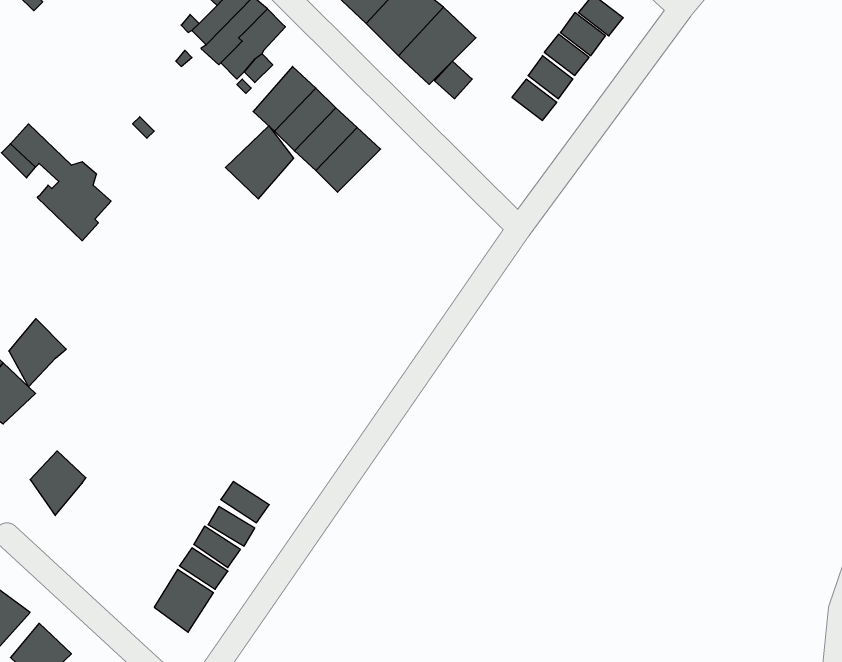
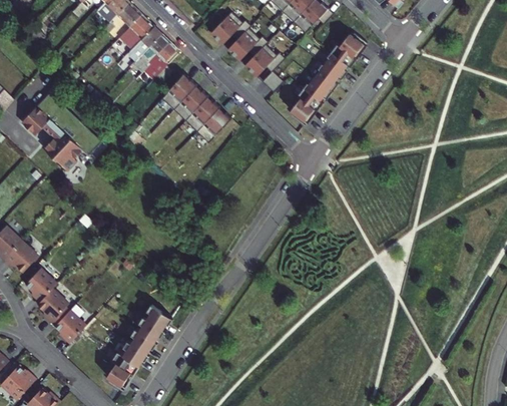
building: none -> [289,92,320,123]
building: [225,126,294,199] -> none
building: [9,319,66,387] -> [25,265,57,303]
building: none -> [50,305,85,343]

